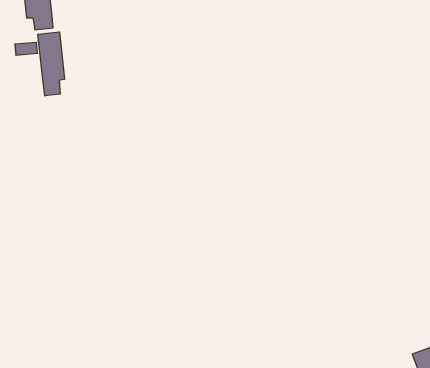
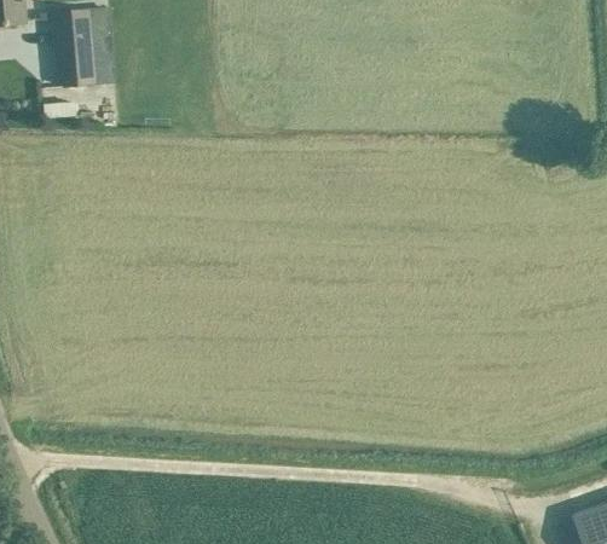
building: [38,32,65,96] -> none

